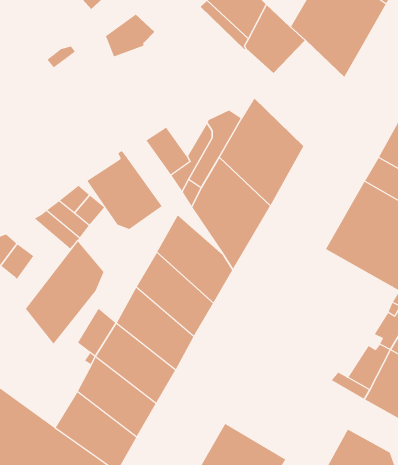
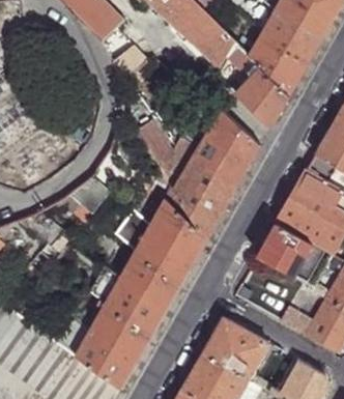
building: none -> [237,67,290,126]
building: [87,150,163,230] -> none
building: [25,240,104,345] -> none
building: none -> [255,223,325,287]
building: none -> [201,317,266,379]

